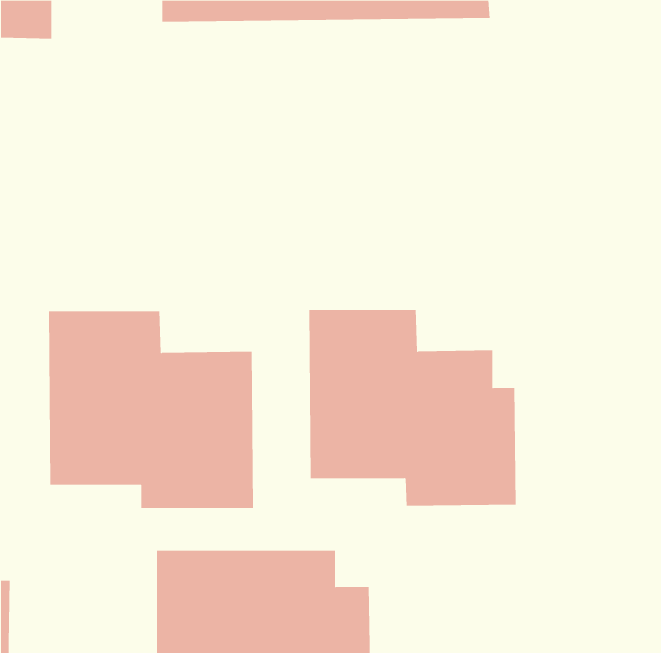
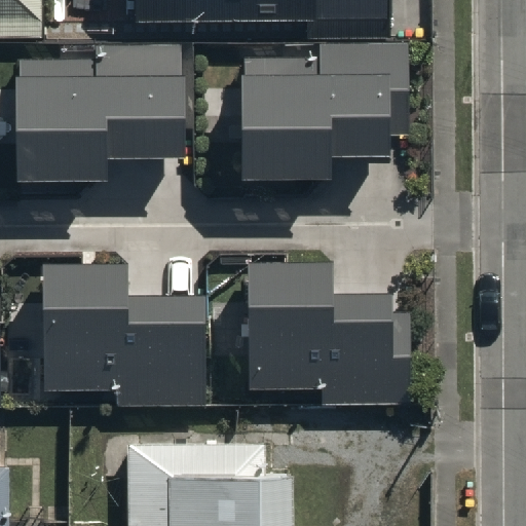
building: none -> [240,43,409,173]
building: none -> [18,46,184,176]

